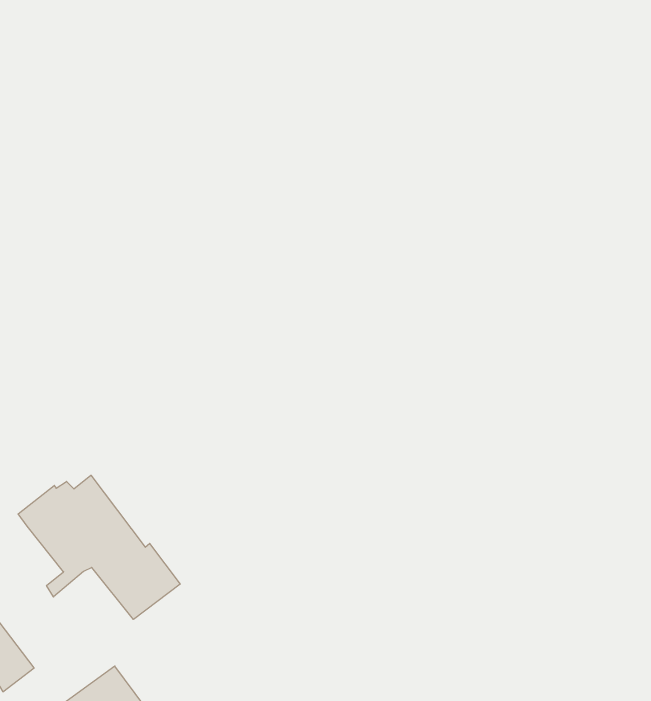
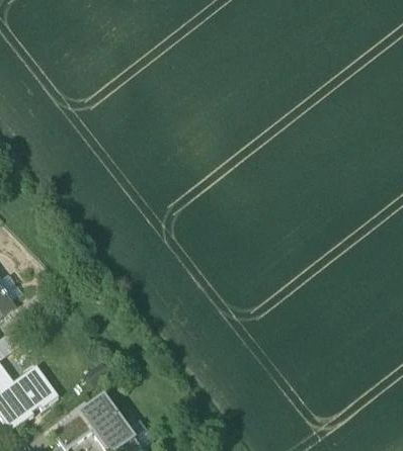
building: [18,475,180,619] -> none

